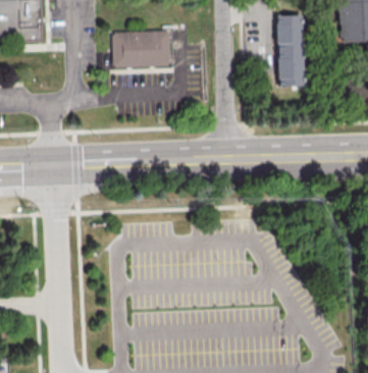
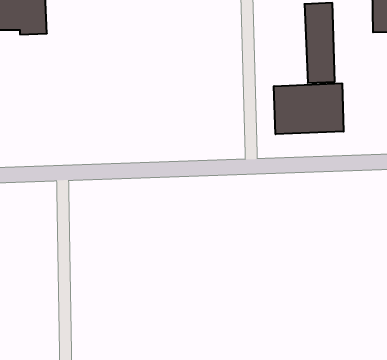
building: [114,31,173,69] -> none
building: none -> [274,83,344,134]

